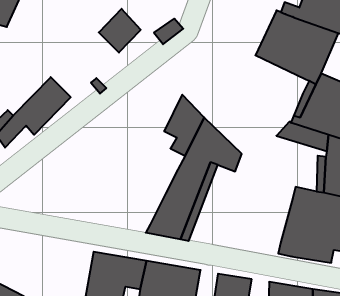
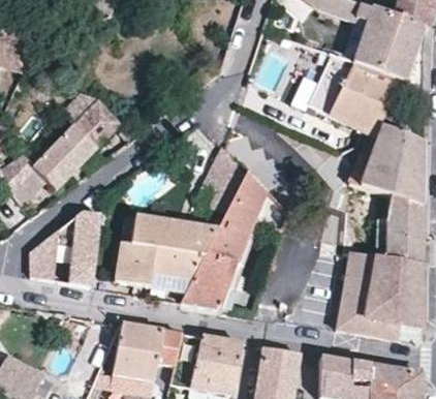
building: [99,9,141,53] -> [74,98,122,148]
building: none -> [30,211,102,286]
building: none -> [115,214,218,291]

